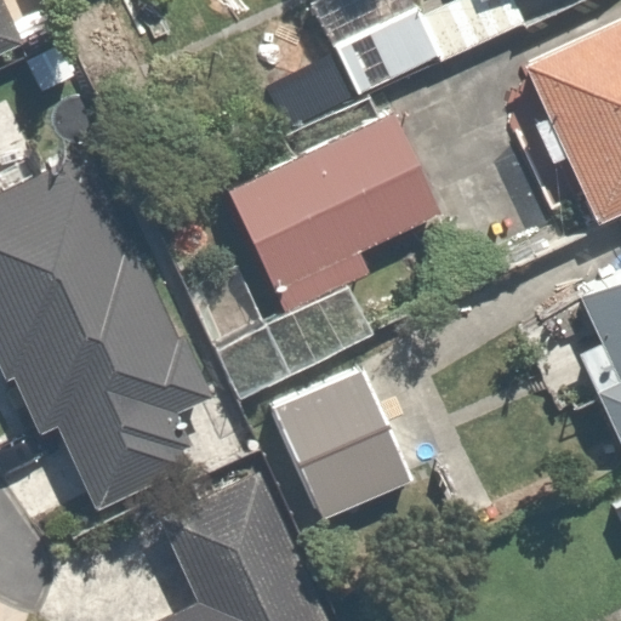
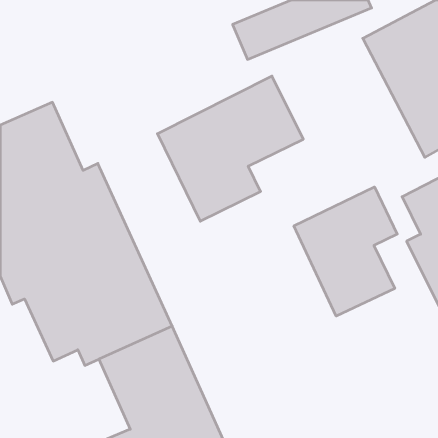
building: none -> [294,187,397,316]
building: [264,363,414,524] -> none

